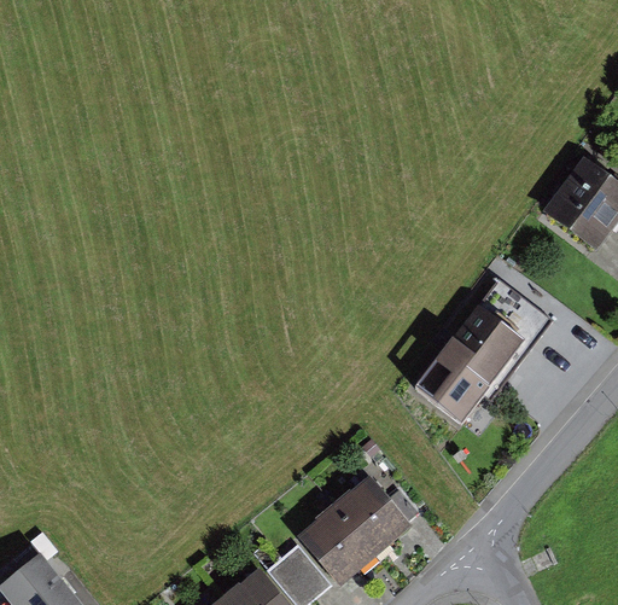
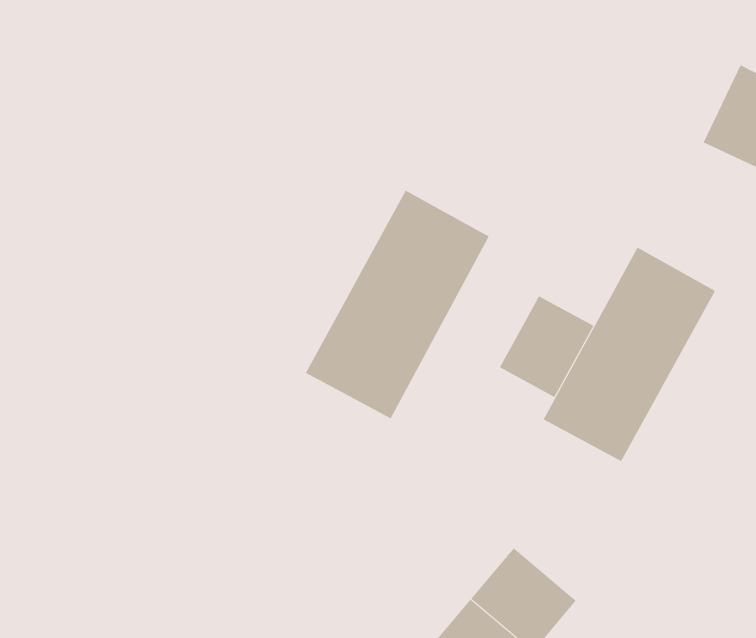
building: none -> [305,190,489,419]
building: none -> [499,295,594,398]

